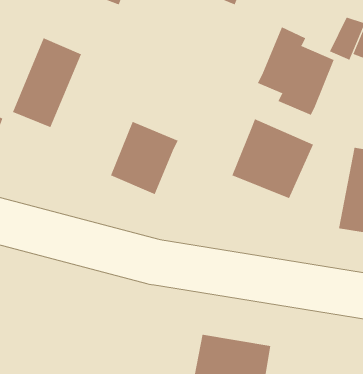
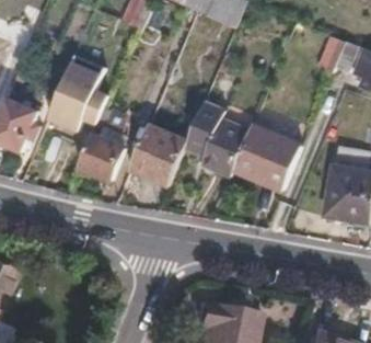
building: [257,26,334,115] -> [183,101,248,176]
building: none -> [78,133,124,181]

